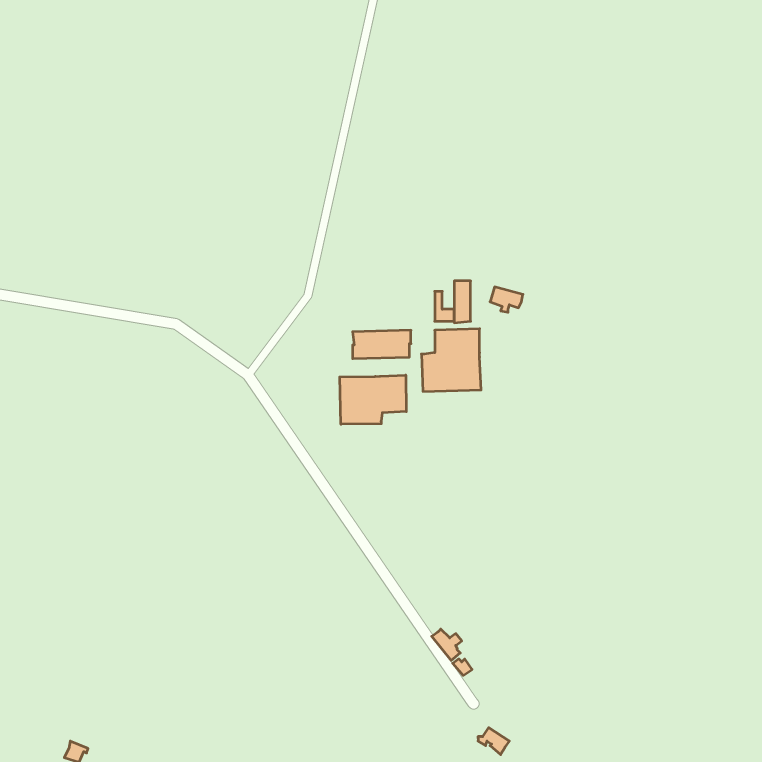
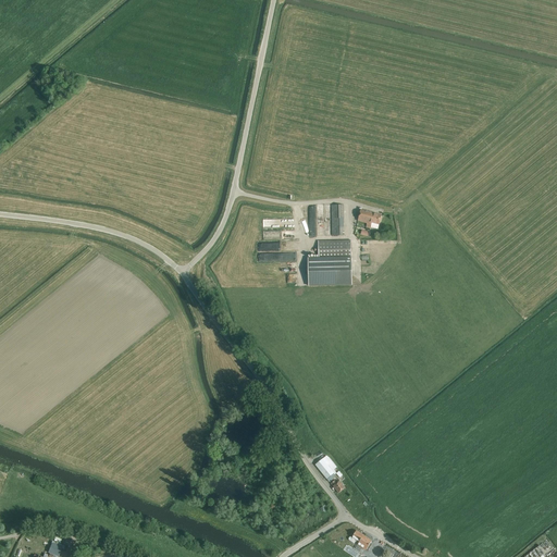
building: [340,375,406,424] -> none

